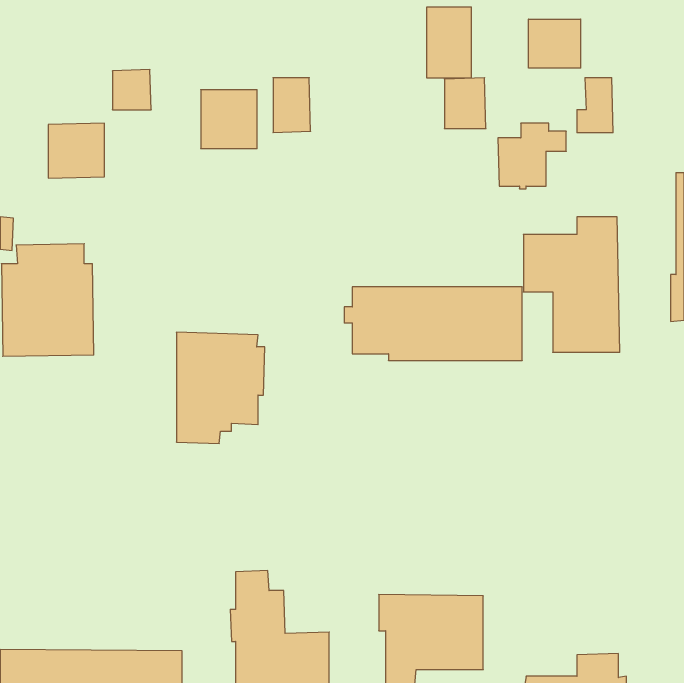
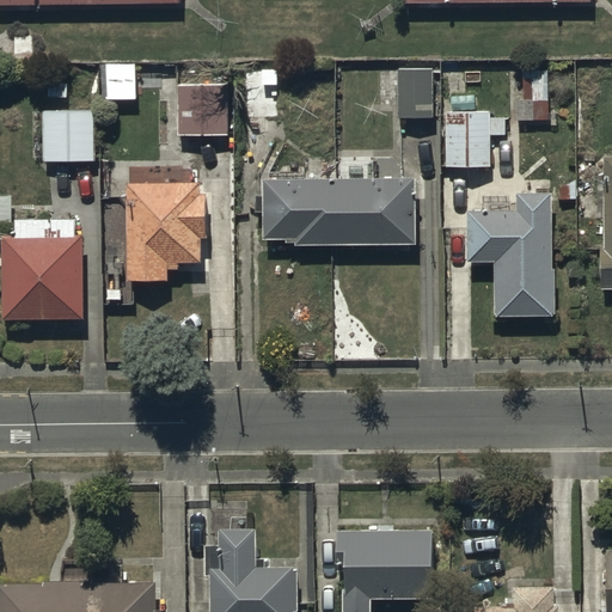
building: [427,7,471,78] -> none
building: [529,19,581,68] -> none
building: [344,287,522,360] -> [256,179,415,245]
building: [176,332,265,443] -> [128,180,207,280]

